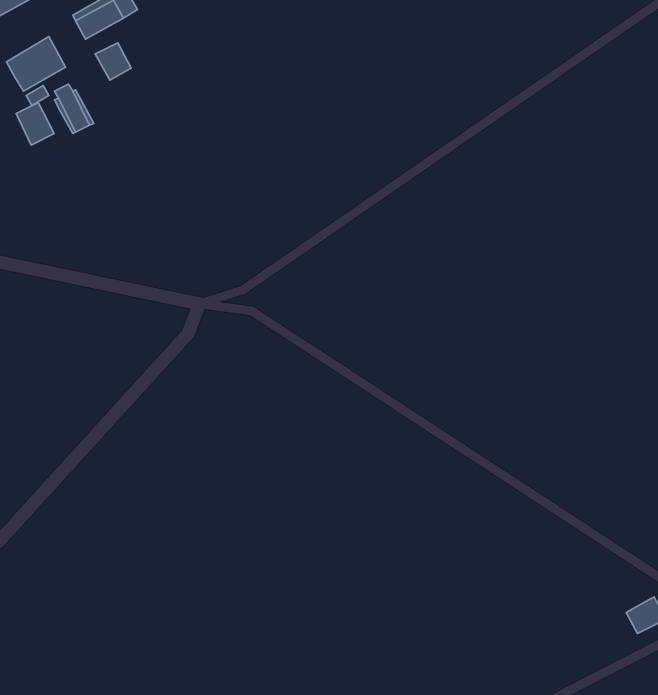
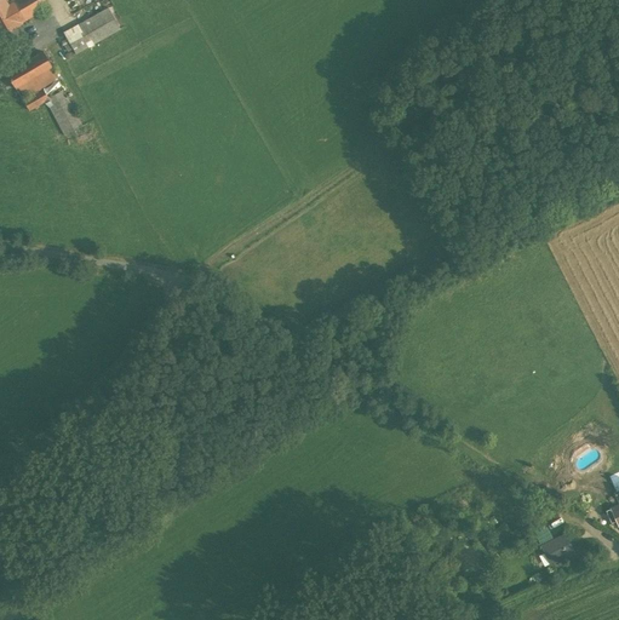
building: [95,43,131,80] -> none
building: [16,103,54,145] -> none

